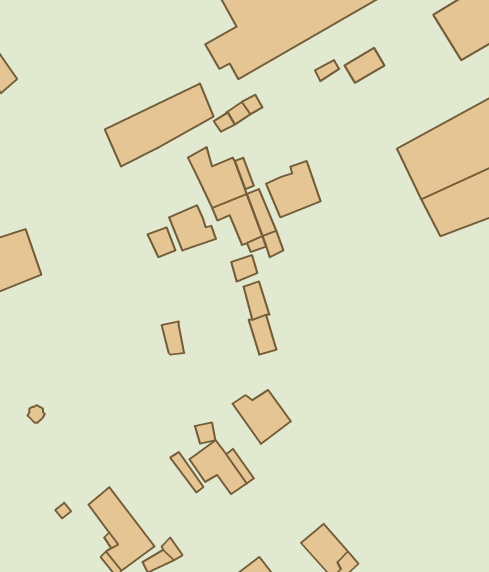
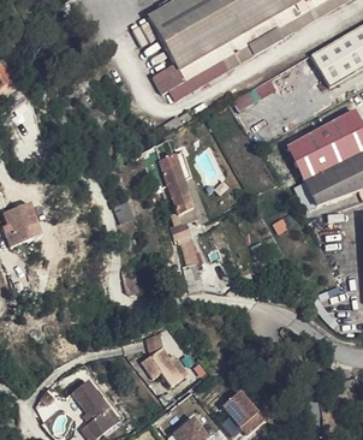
building: [105,83,213,167] -> none
building: [266,161,321,217] -> none
building: [169,205,216,251] -> none
building: [232,390,291,444] -> none

